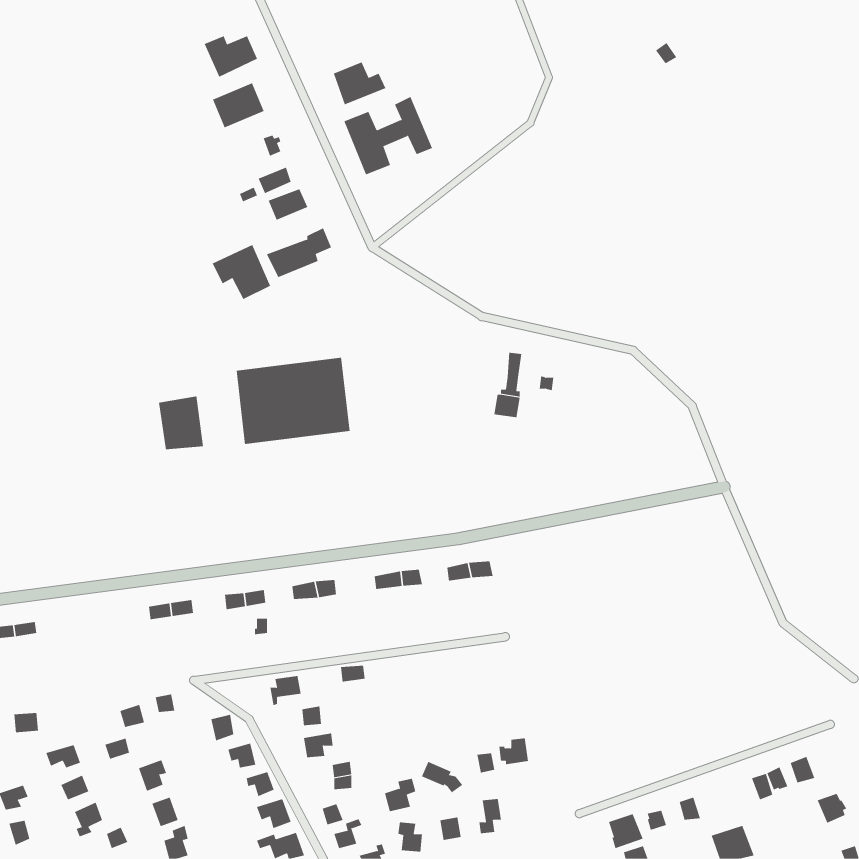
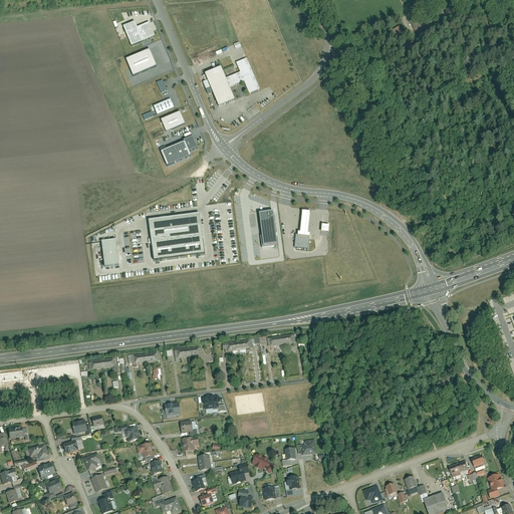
building: [333,61,386,105] -> none
building: [212,244,271,300] -> none
building: none -> [257,212,275,245]

